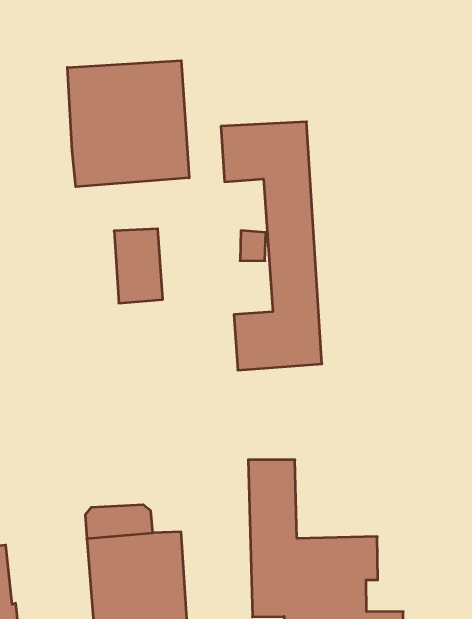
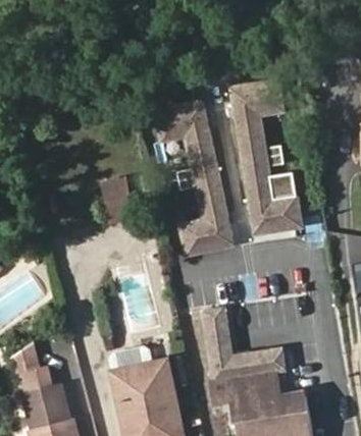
building: [67,61,189,187] -> none
building: none -> [231,77,307,235]

